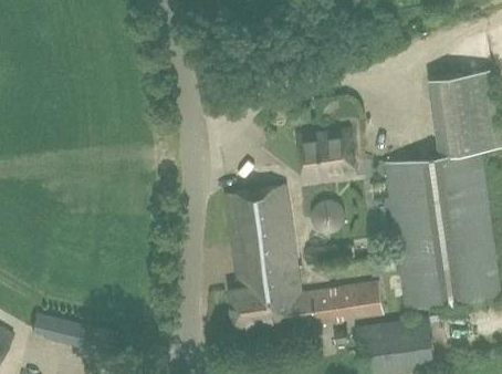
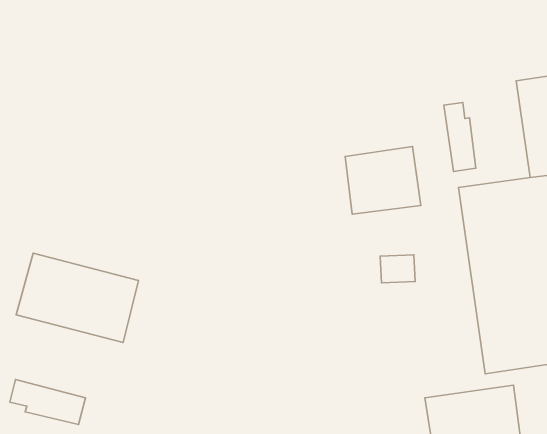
building: none -> [444,103,476,171]
building: [227,186,383,325] -> none
building: none -> [16,253,138,343]

